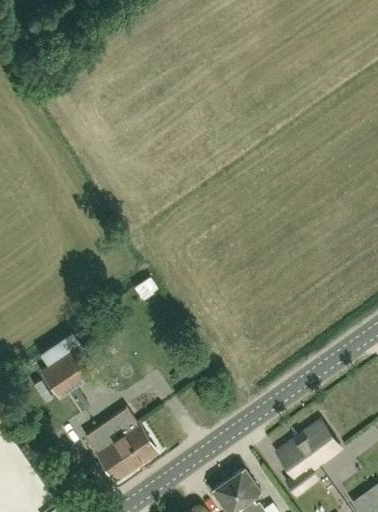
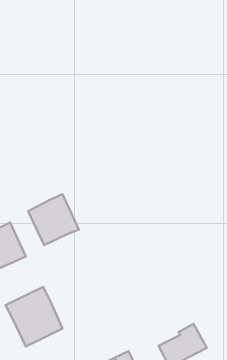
building: none -> [28,194,79,245]

